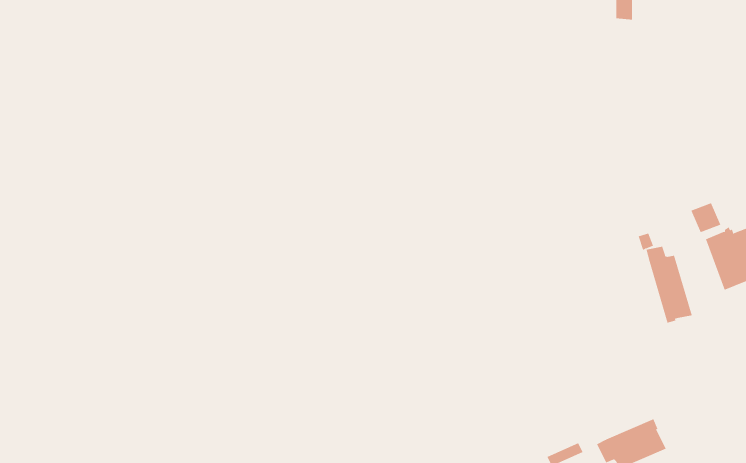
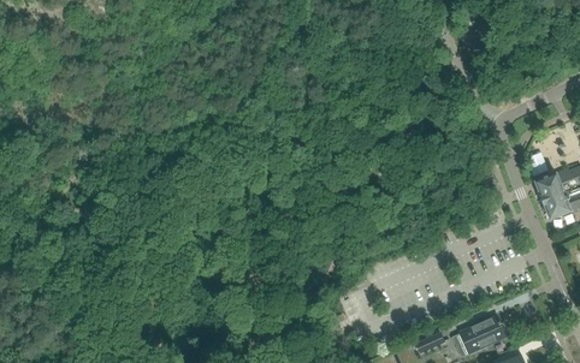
building: [646,246,692,324] -> none

